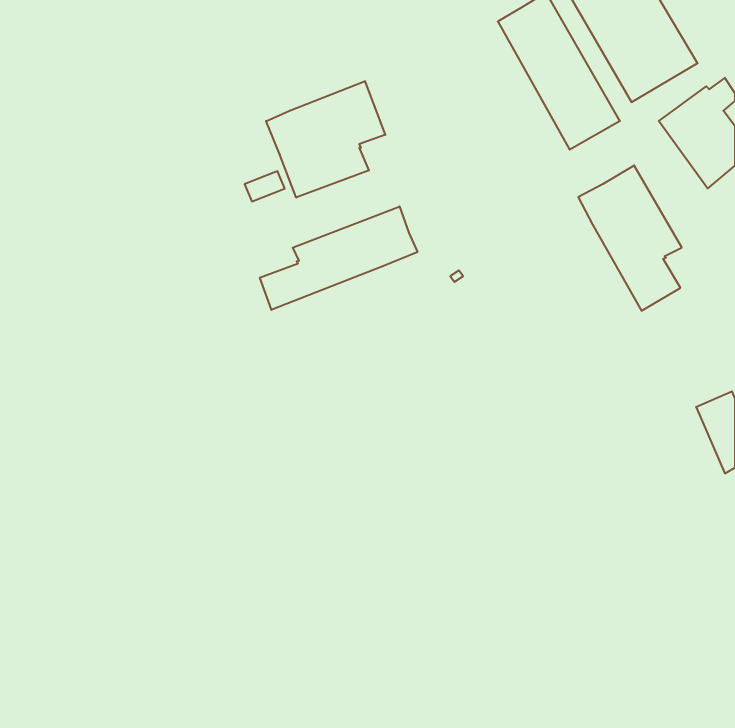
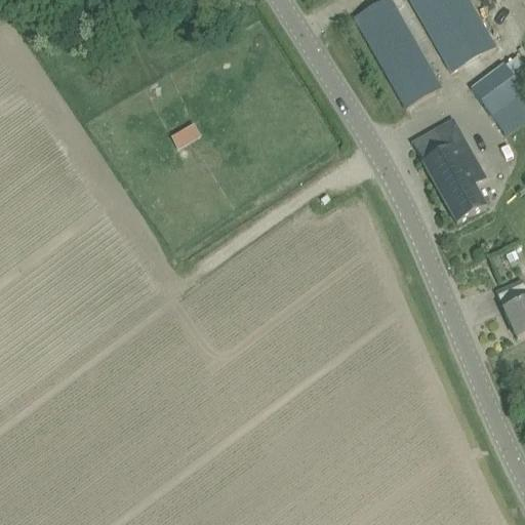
building: [266,81,385,198] -> none
building: [260,206,417,310] -> none

